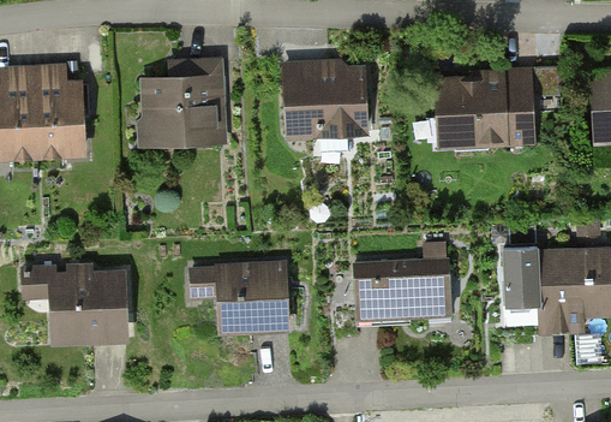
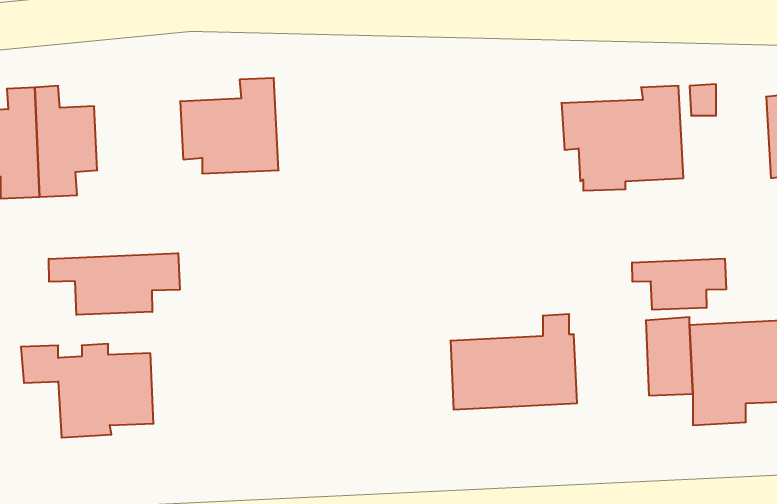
building: [286,65,366,153] -> none
building: none -> [49,253,180,315]
building: none -> [632,259,726,310]
building: [192,267,286,329] -> none

